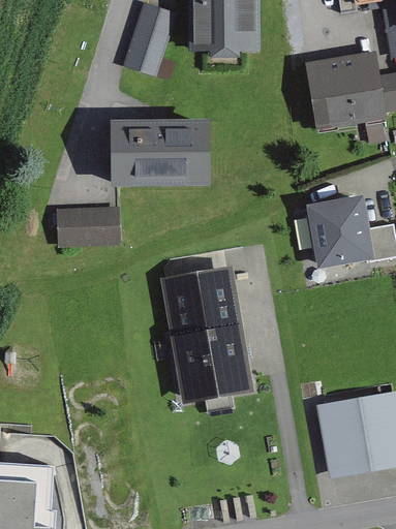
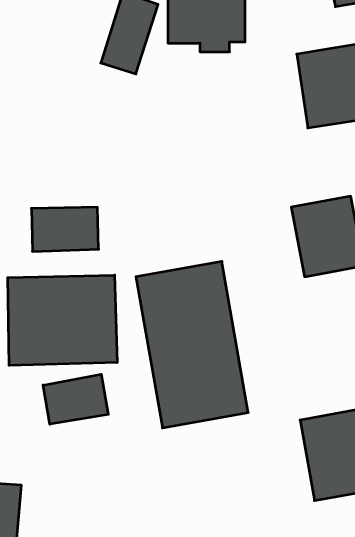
building: [106,122,213,187] -> none
building: none -> [8,275,117,365]
building: none -> [43,374,108,424]

